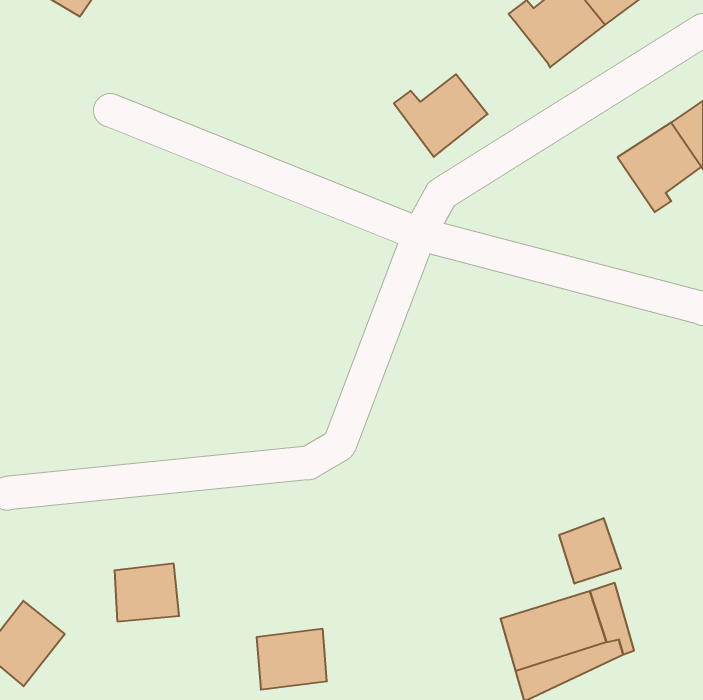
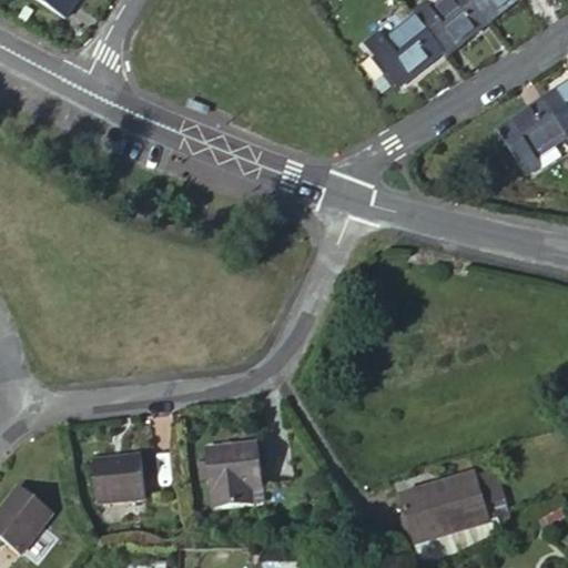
building: [394,74,488,157] -> [365,18,440,84]
building: [559,518,621,584] -> none
building: [257,629,327,690] -> [205,442,262,490]

